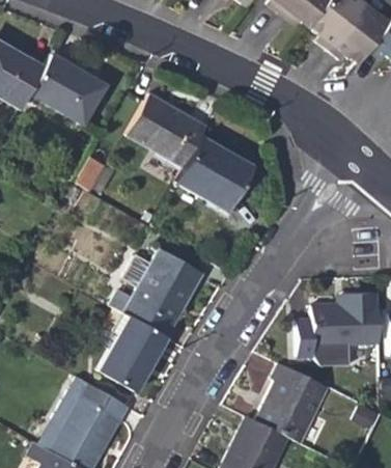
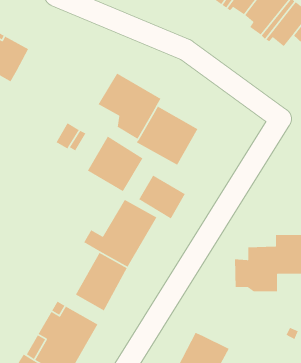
building: [29,53,107,123] -> none
building: none -> [87,136,143,192]
building: none -> [138,175,186,220]
building: [257,362,328,442] -> none

